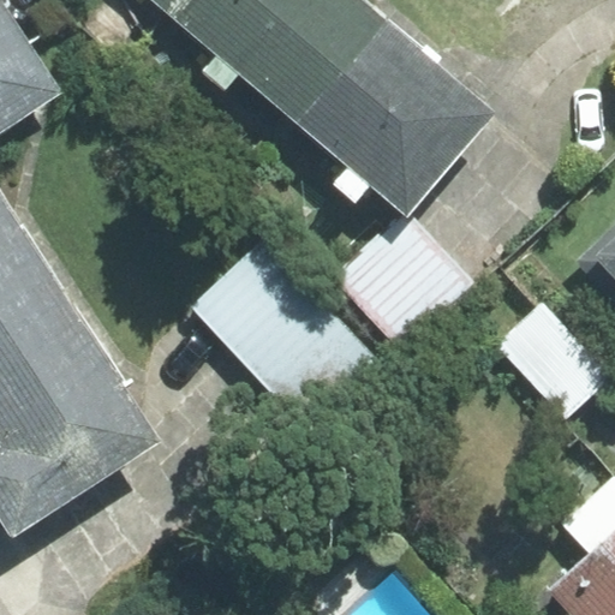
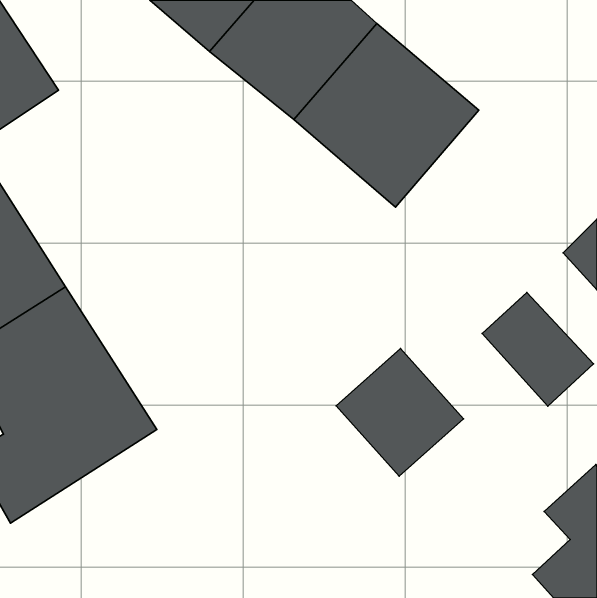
building: [334,216,465,347] -> [336,349,464,476]
building: [192,241,377,429] -> none

